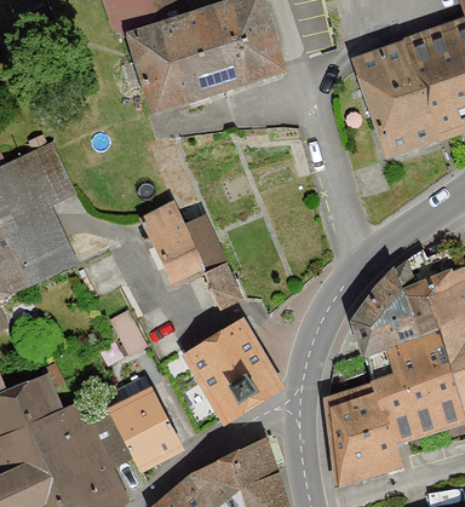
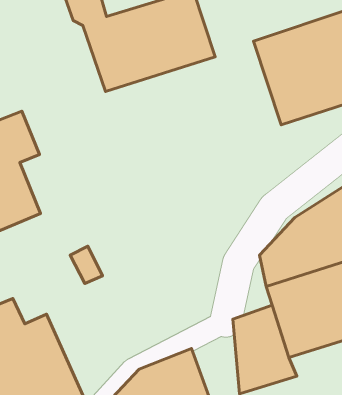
building: [139,207,243,317] -> none
building: [179,313,288,424] -> none
building: [98,386,179,473] -> none

